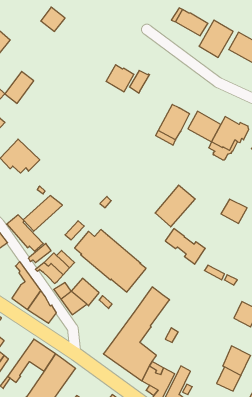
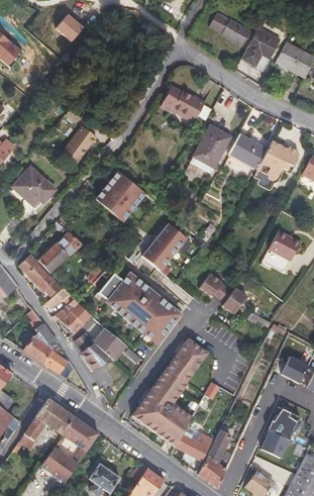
building: [106,65,134,92] -> [173,91,205,122]
building: [5,71,34,103] -> [63,126,96,164]
building: none -> [96,171,145,221]
building: [155,185,195,227] -> [141,223,188,272]

